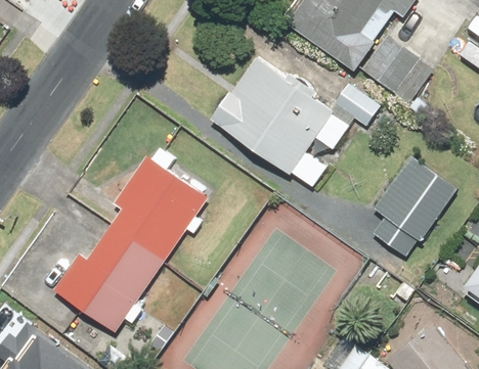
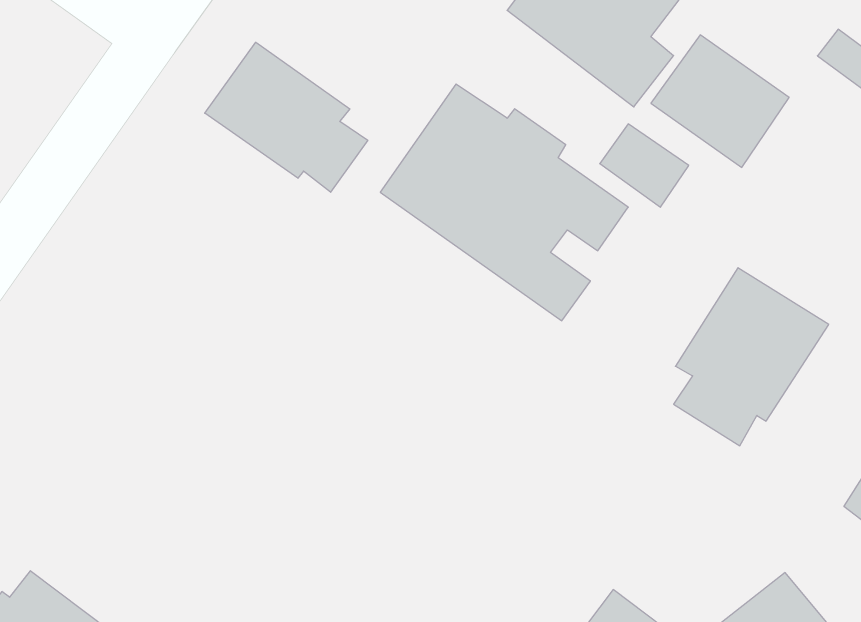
building: none -> [205,42,368,192]
building: [53,149,209,333] -> none

